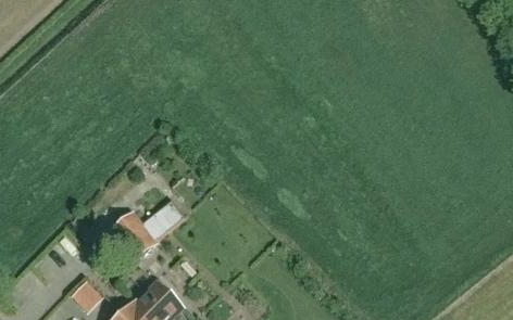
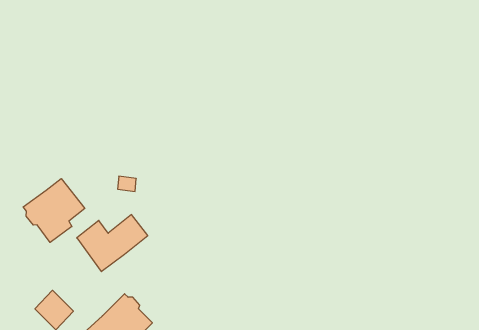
building: none -> [23,179,85,242]

